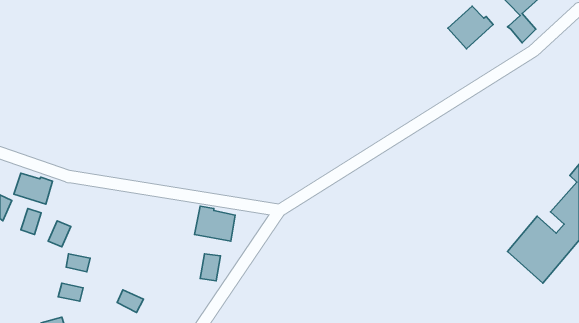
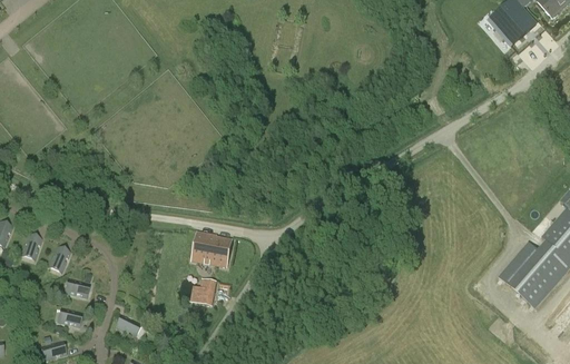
building: [448,6,493,49] -> none
building: [14,173,53,204] -> none

